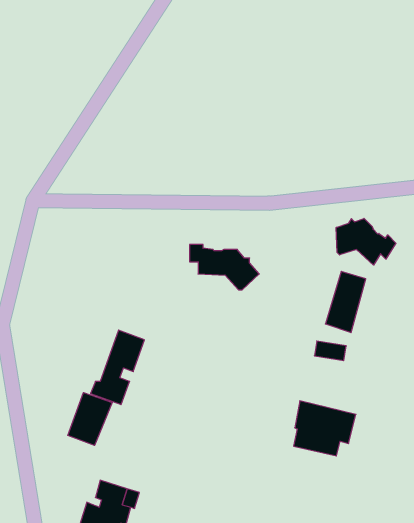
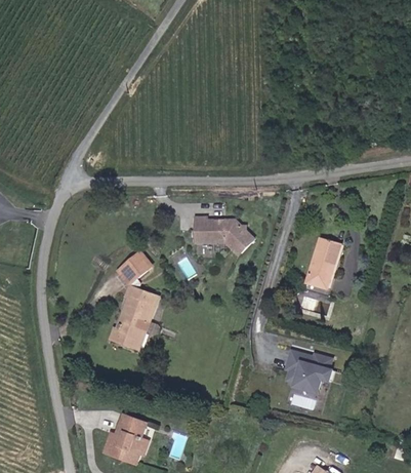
building: [336,218,396,265] -> none
building: none -> [116,249,146,278]
building: [68,393,112,445] -> none

